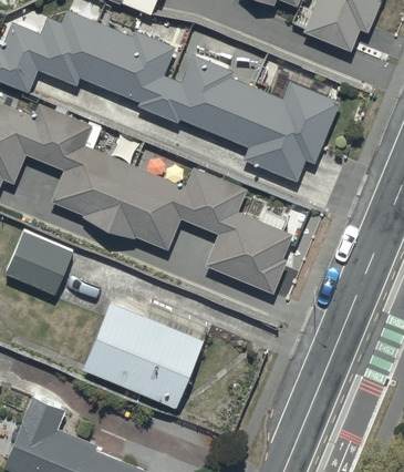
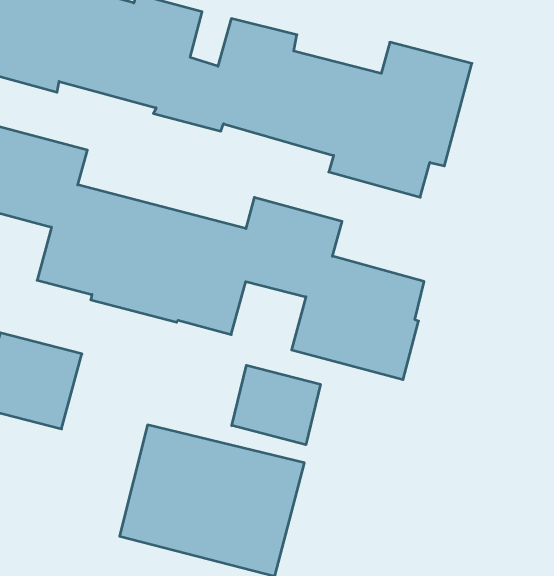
building: none -> [232,365,320,445]

